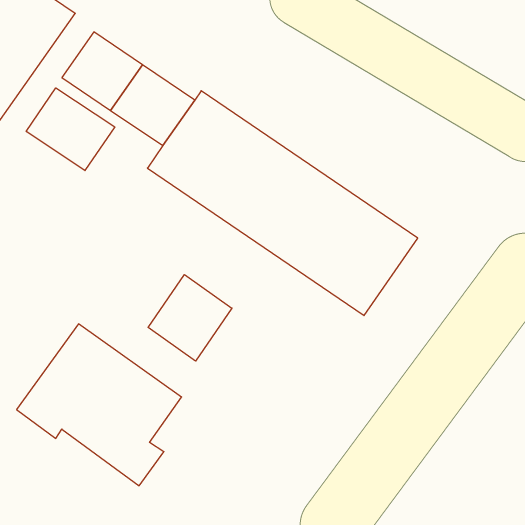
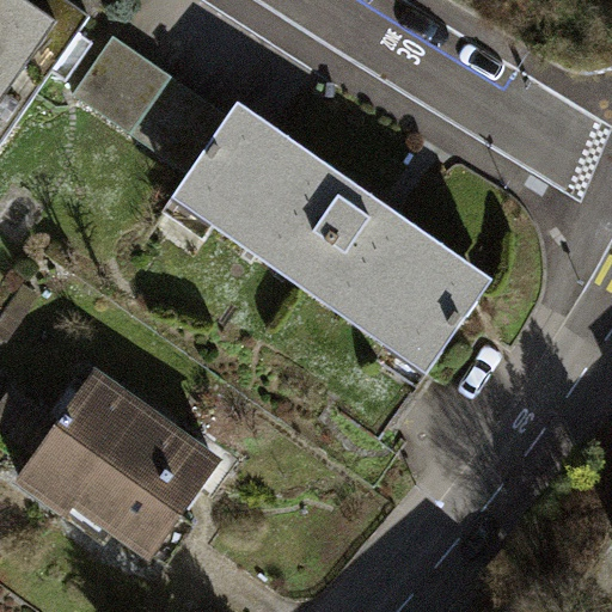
building: [26,88,115,171] -> none
building: [148,275,232,361] -> none

